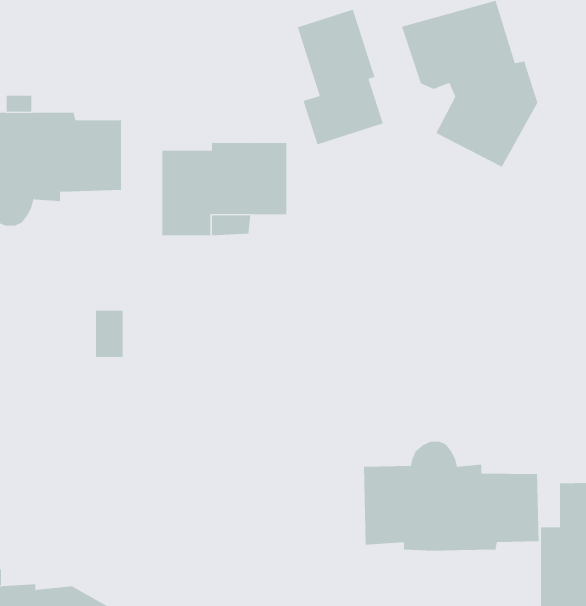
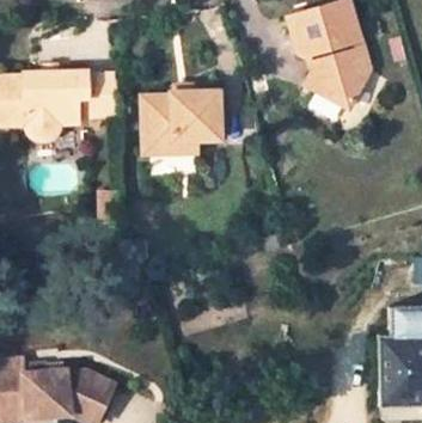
building: [297,9,384,145] -> none
building: [364,441,539,551] -> none

